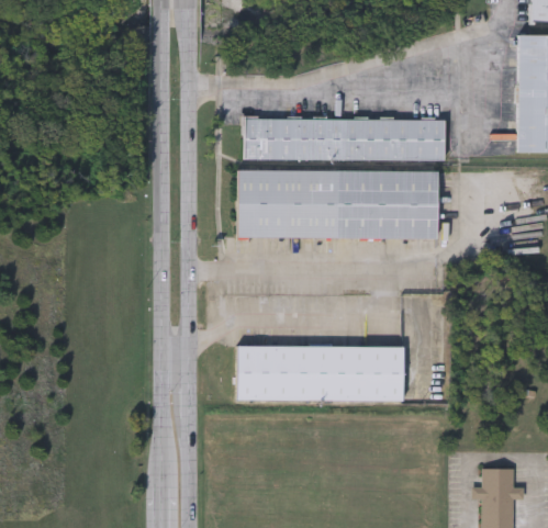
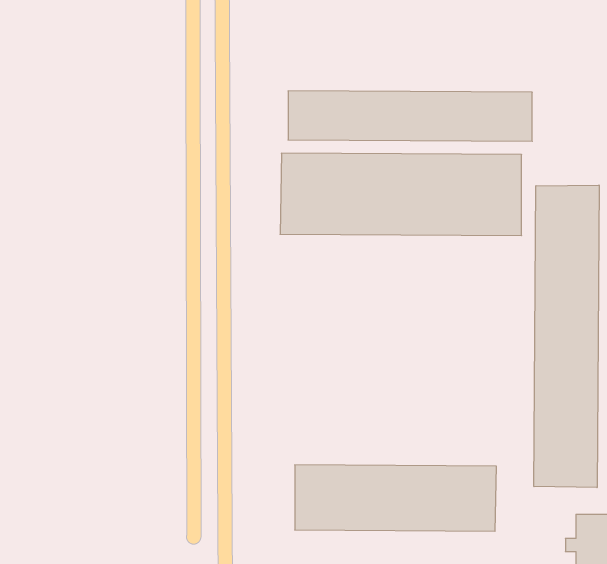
building: none -> [534,185,599,488]
building: [237,346,404,401] -> [295,465,496,531]

